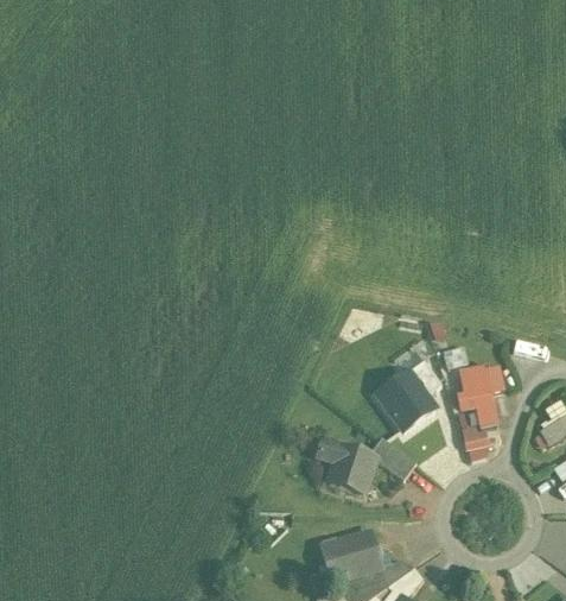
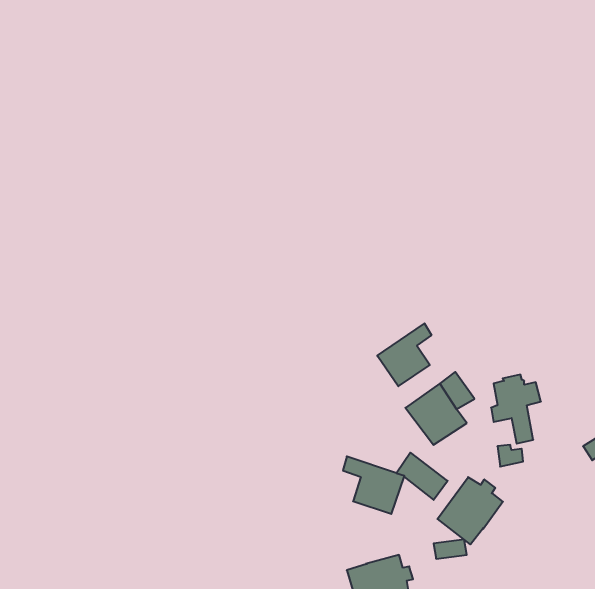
building: none -> [377,323,431,386]
building: none -> [437,477,503,544]

